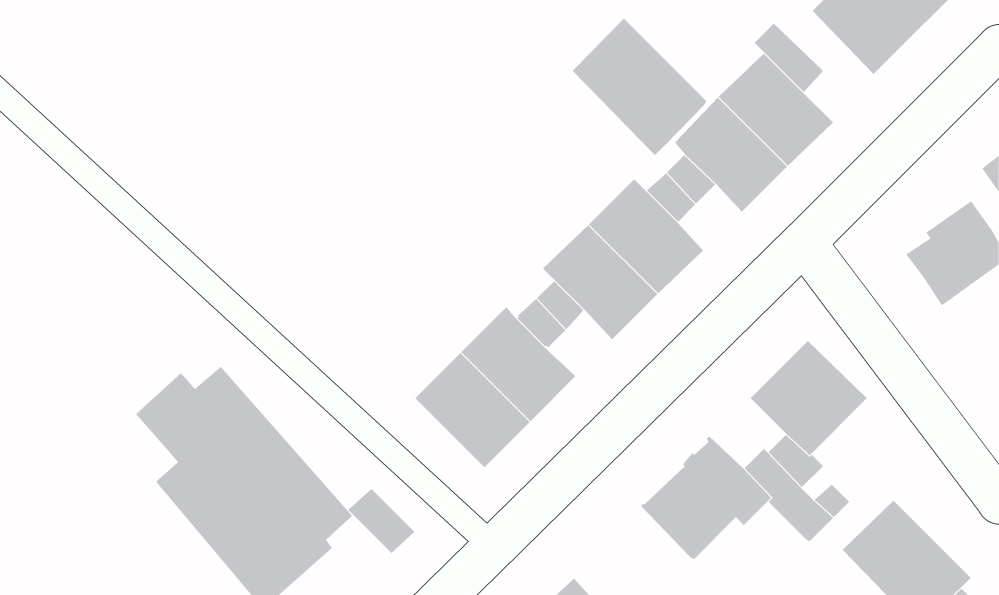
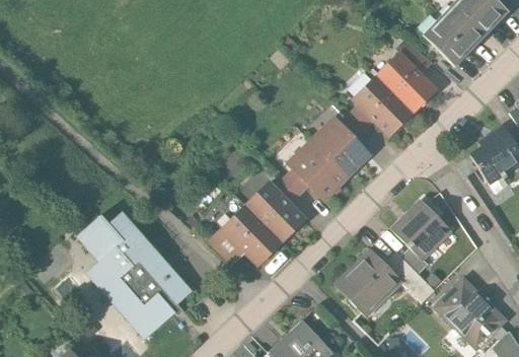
building: [572,18,707,156] -> none
building: [347,488,415,554] -> [209,229,243,263]

